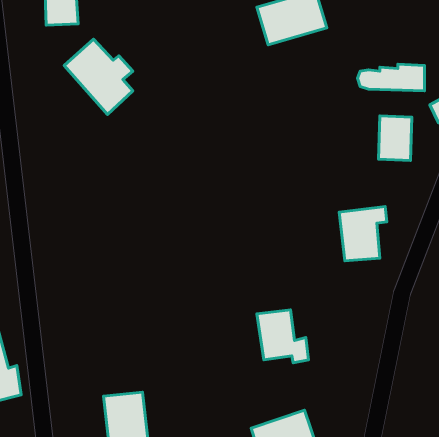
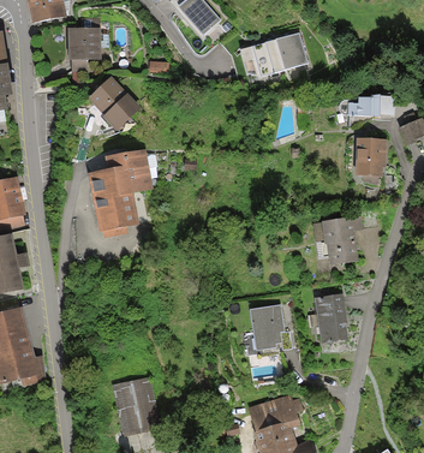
building: none -> [88,147,153,231]
building: none -> [313,294,346,344]

